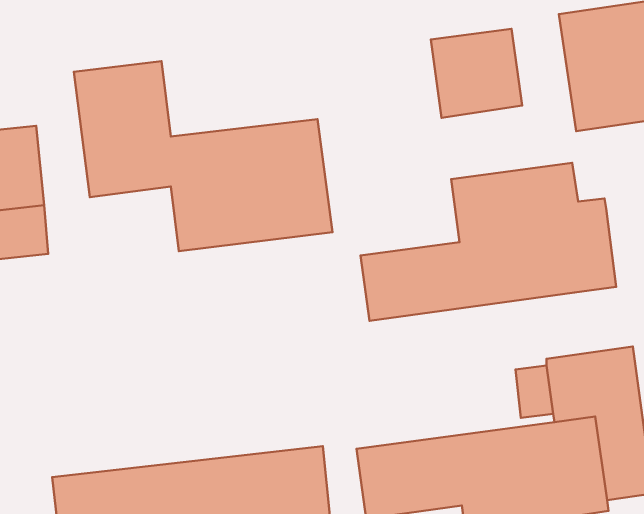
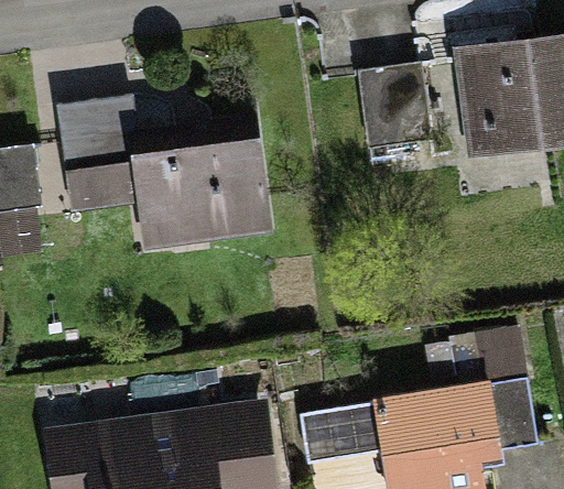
building: [360,163,616,321] -> none

